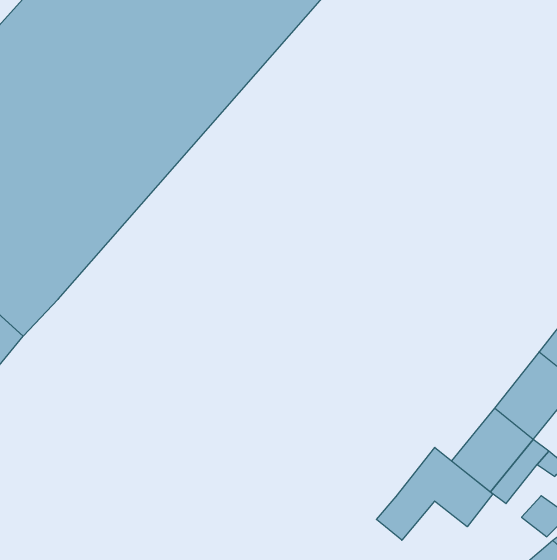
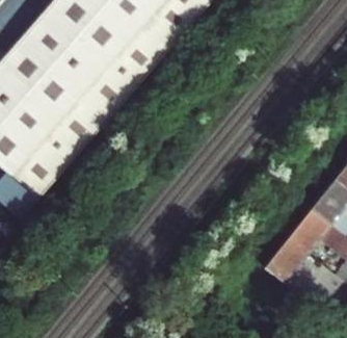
building: [376,447,493,540] -> none

